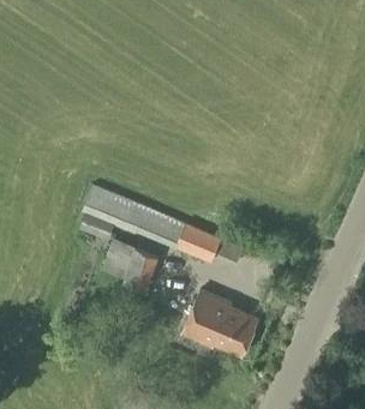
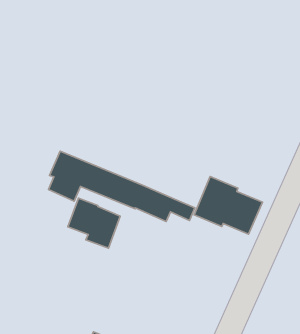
building: [182,290,259,355] -> [194,176,263,234]

